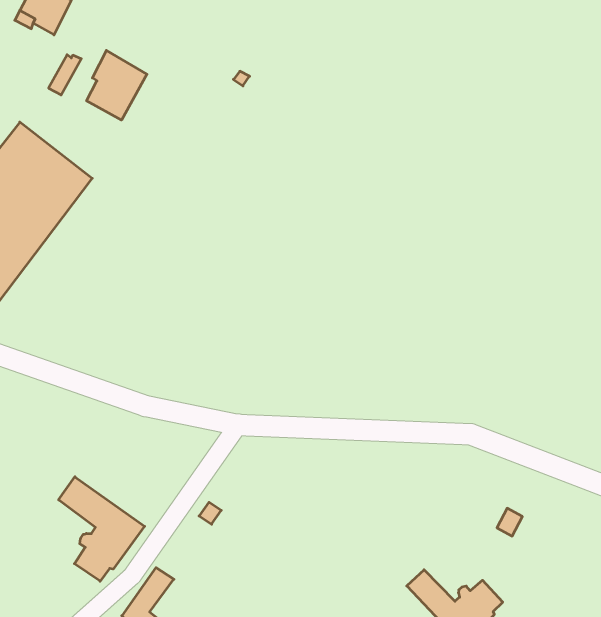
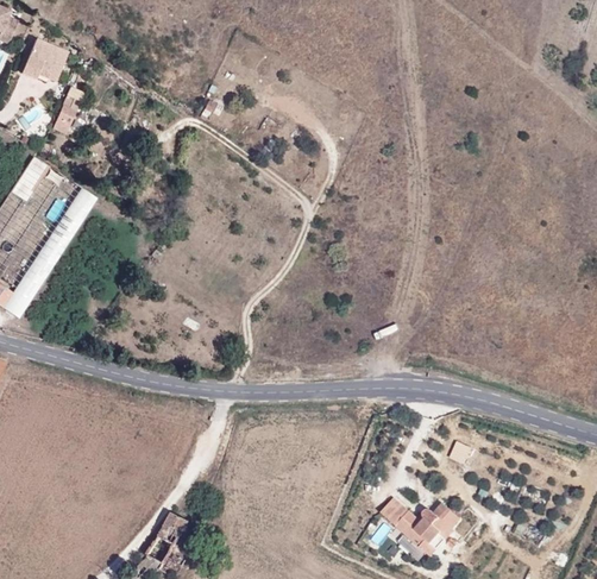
building: [87,50,147,120] -> none
building: [59,477,145,581] -> none

